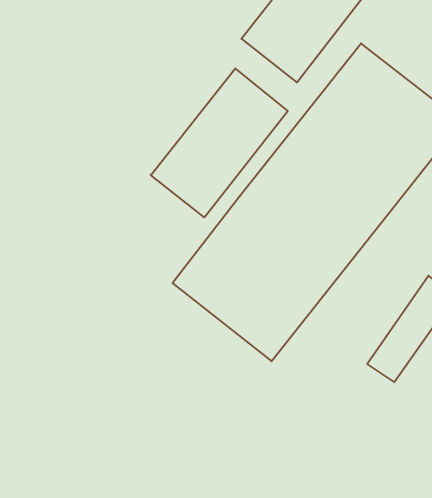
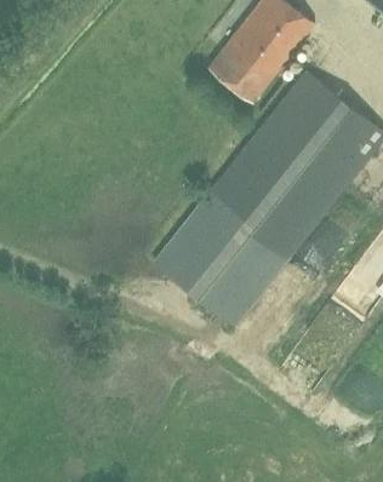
building: [151,68,288,217] -> none

